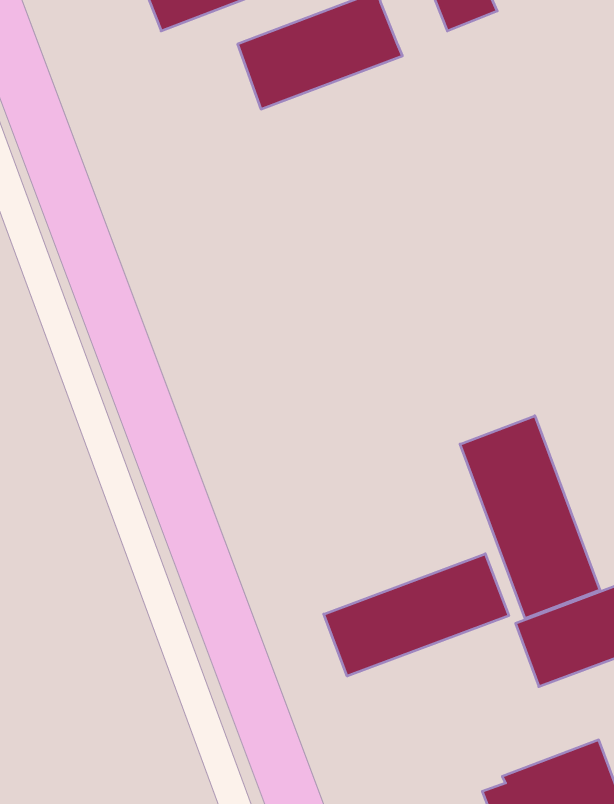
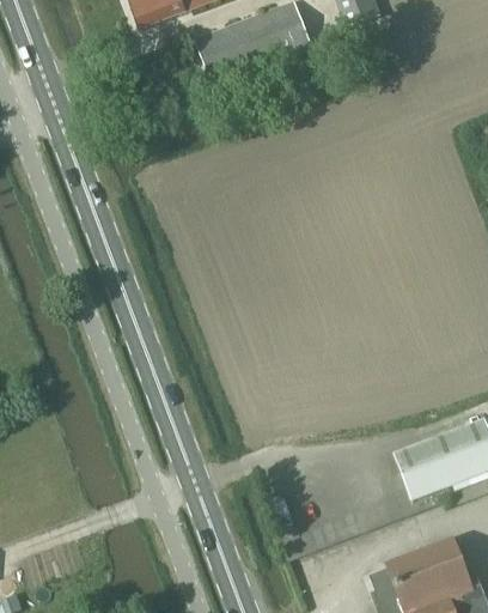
building: [460,416,600,618] -> none
building: [324,554,509,676] -> none

